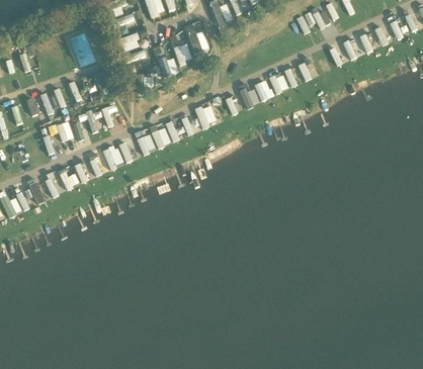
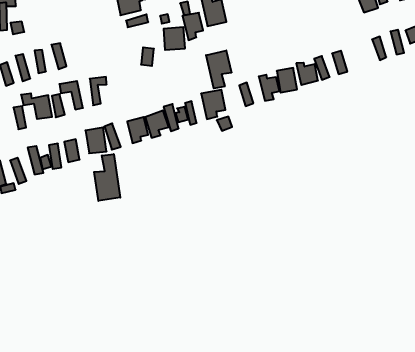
building: none -> [206,50,231,88]
building: none -> [94,154,120,201]

